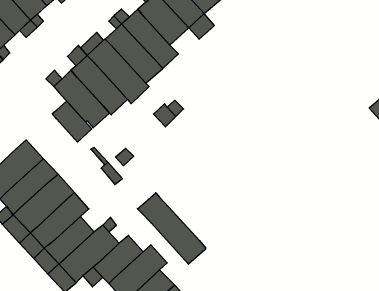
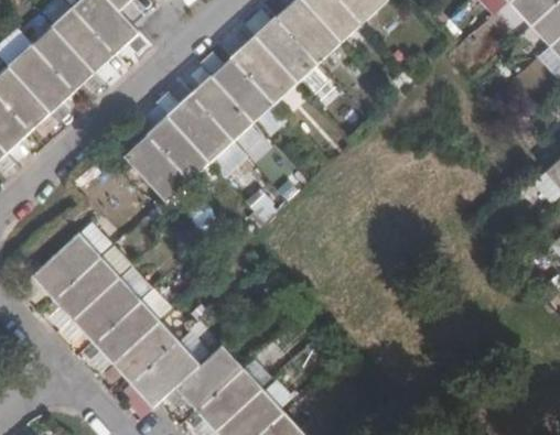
building: [52,101,92,142] -> none
building: [137,193,206,264] -> none

